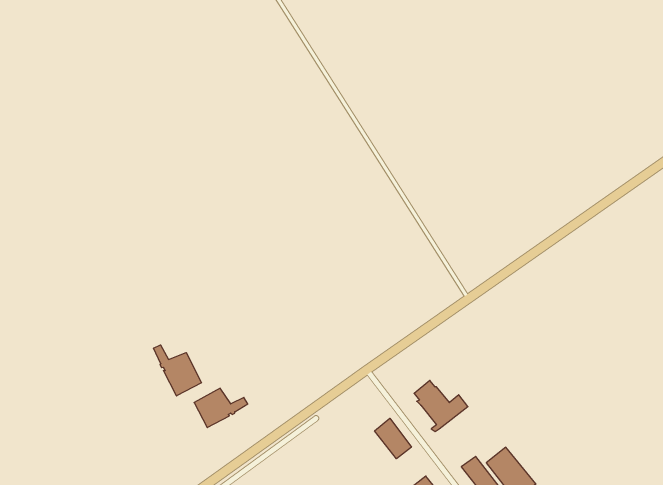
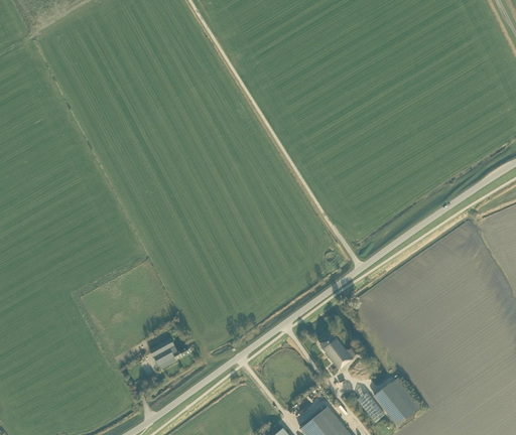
building: [154,345,201,396] -> none
building: [375,418,411,459] -> none

